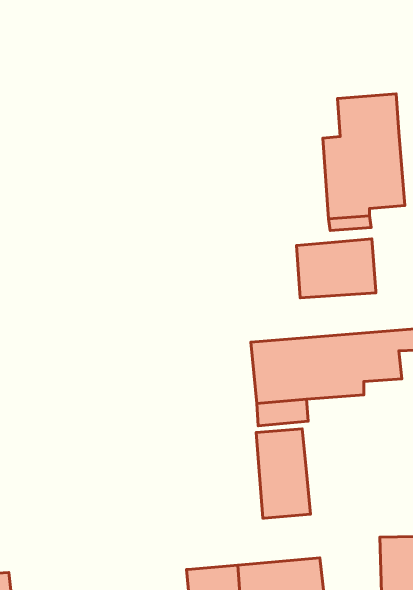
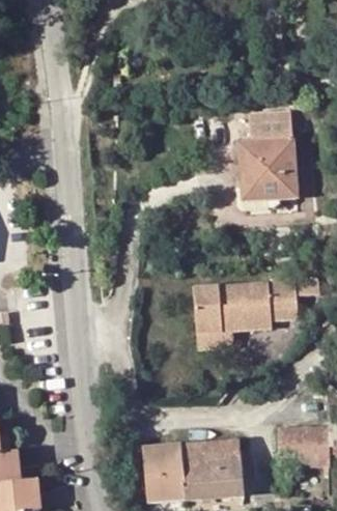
building: [296,239,376,298] -> none
building: [256,429,311,518] -> none

